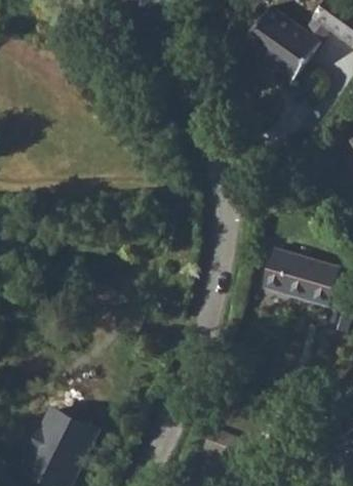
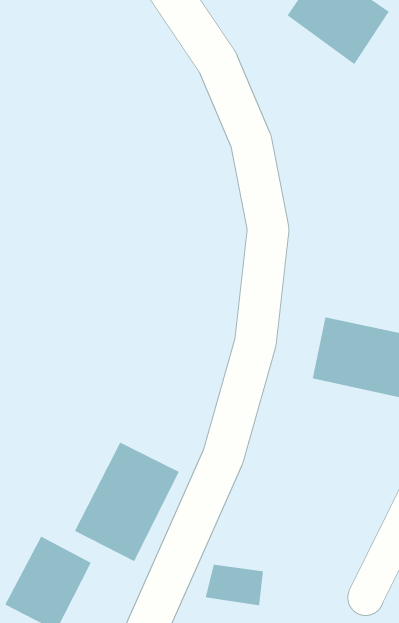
building: none -> [74,442,180,562]

